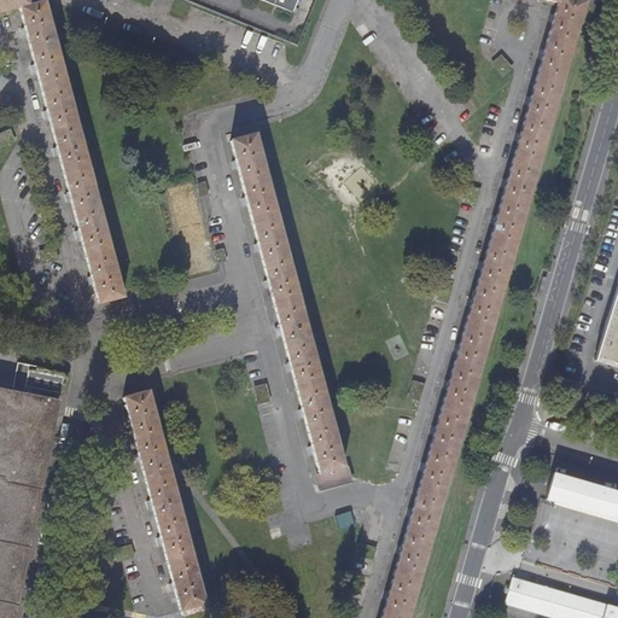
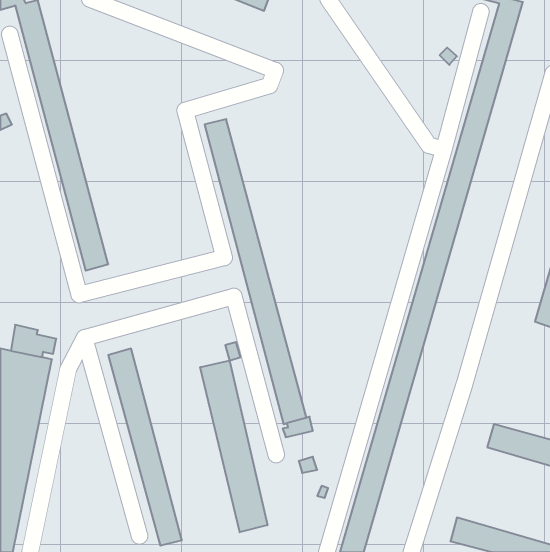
building: none -> [200,360,267,532]

